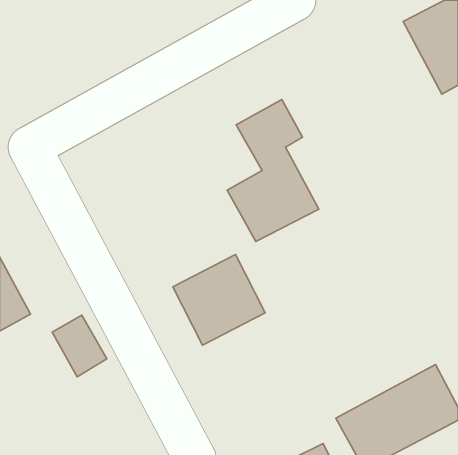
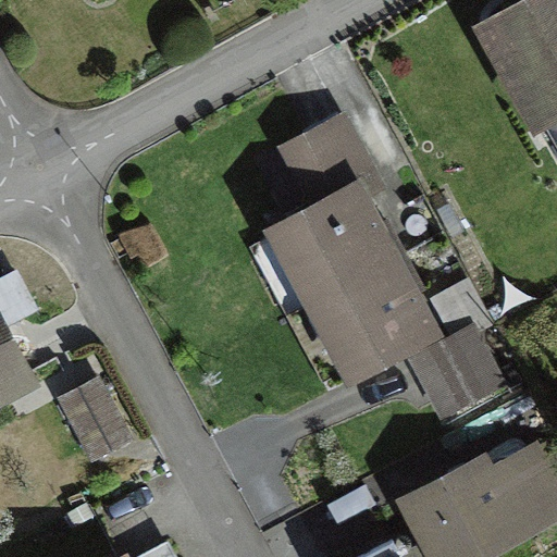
building: none -> [419,286,506,411]
building: [173,255,265,345] -> [310,258,422,368]

